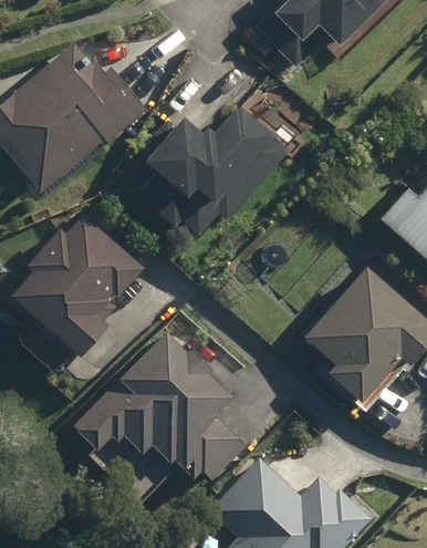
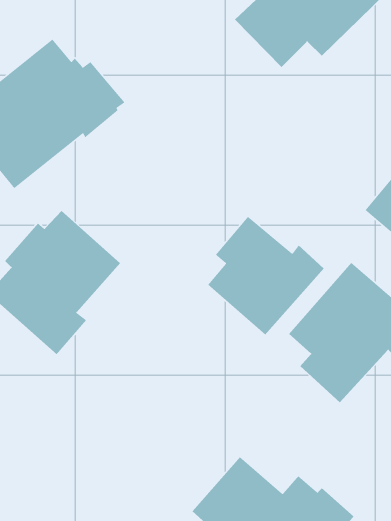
building: [134,106,287,235] -> none
building: none -> [207,216,325,336]
building: [73,329,247,482] -> none

